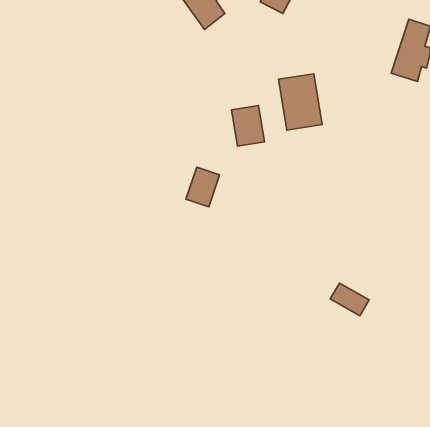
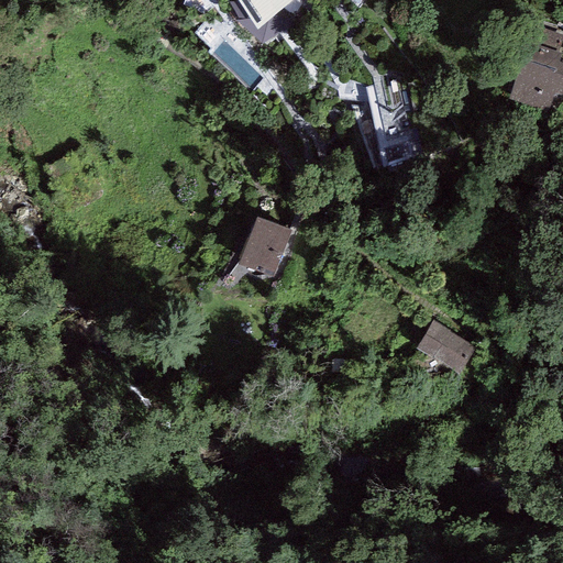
building: [232,106,265,146] -> none
building: [330,283,369,316] -> [421,323,472,366]

